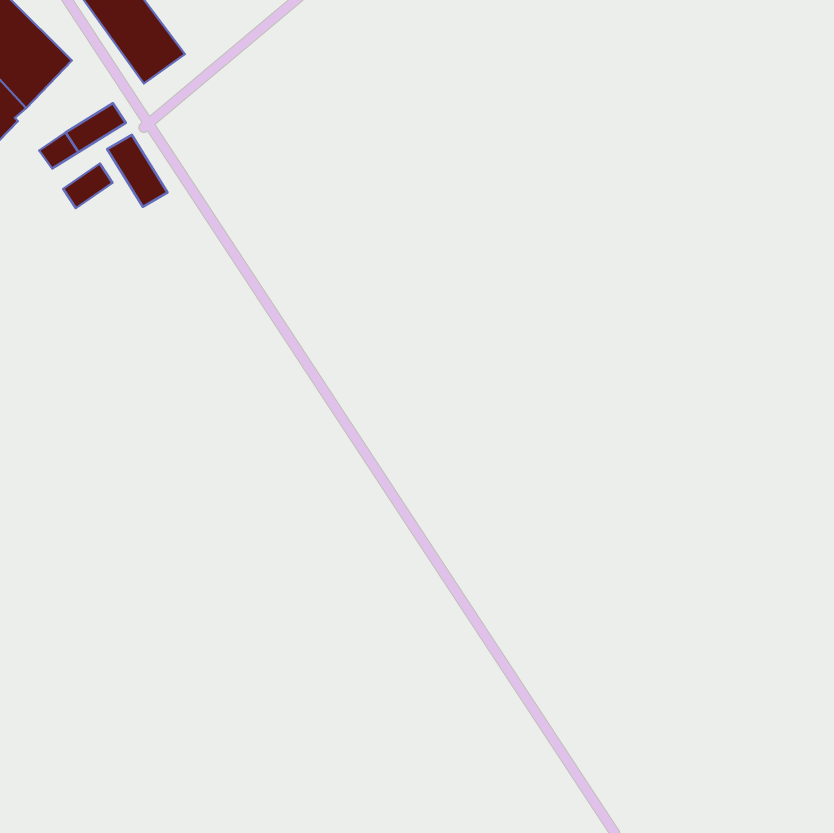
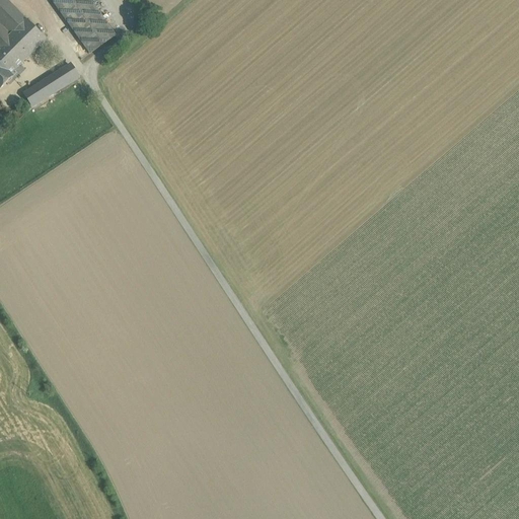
building: [107,135,167,207] -> none
building: [63,164,112,208] -> none

